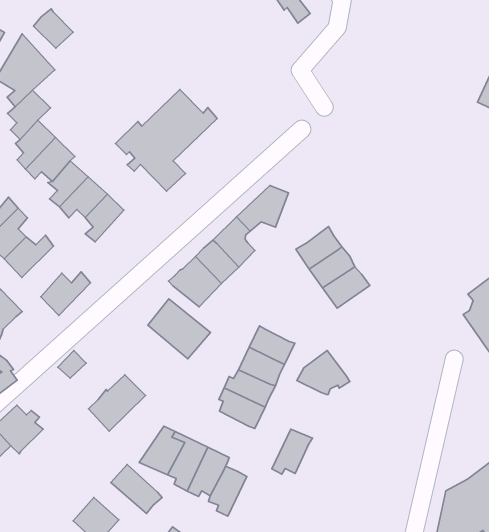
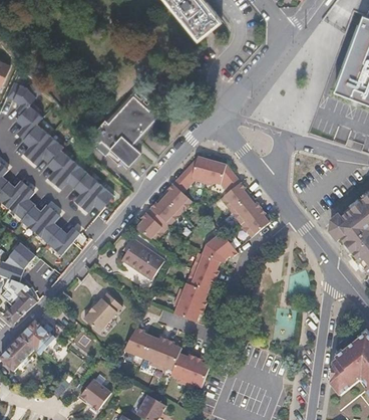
building: [34,9,73,48] -> none
building: none -> [204,161,240,194]
building: none -> [81,181,114,211]
building: none -> [33,209,60,244]
building: [297,350,350,395] -> [202,233,238,263]
building: [272,429,312,474] -> [186,357,212,388]
building: [111,464,162,514] -> none

